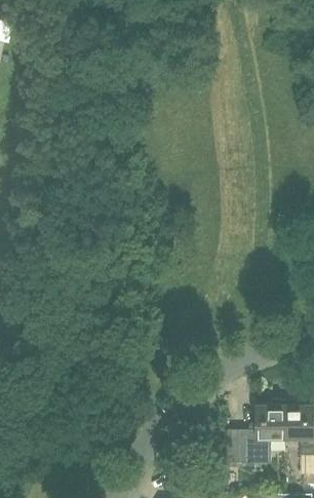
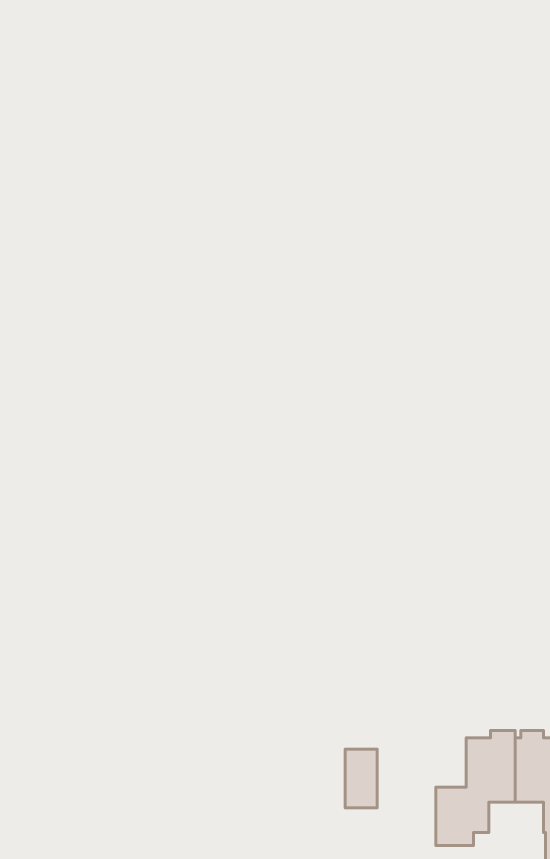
building: [224,430,241,462] -> [345,749,377,808]

